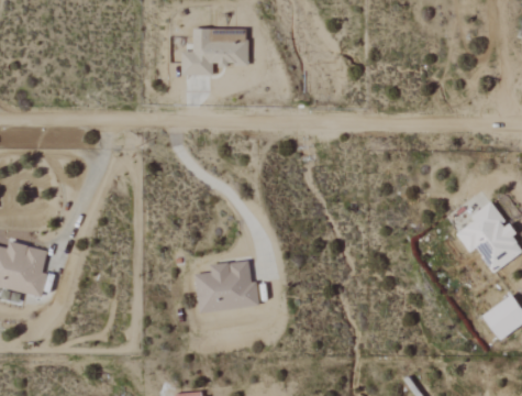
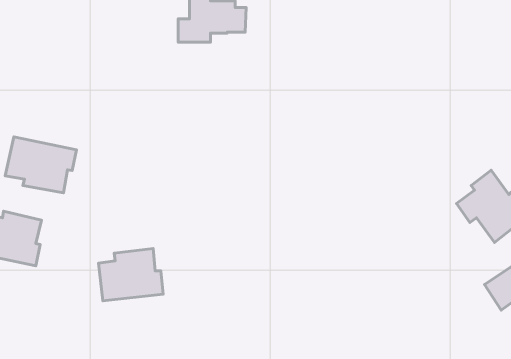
building: none -> [5,137,76,193]
building: [195,260,258,311] -> [99,249,163,301]

